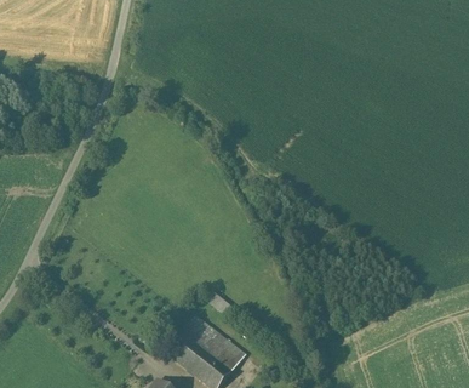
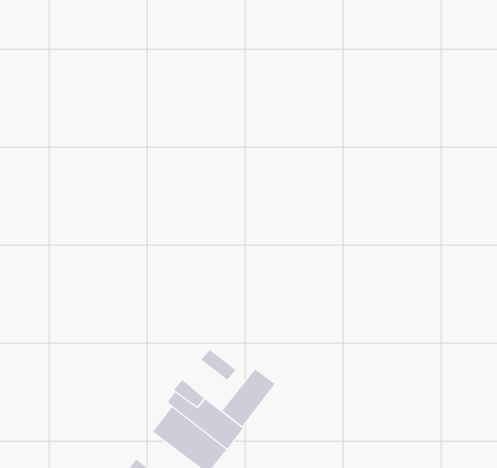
building: none -> [221,368,275,427]

